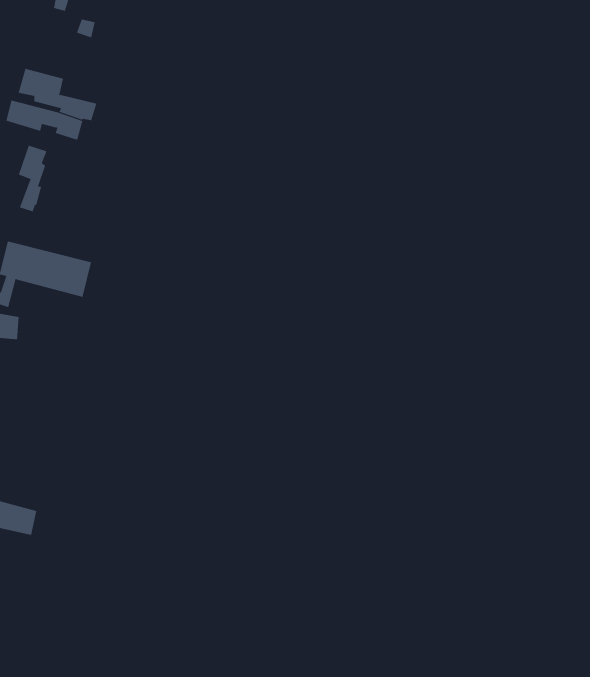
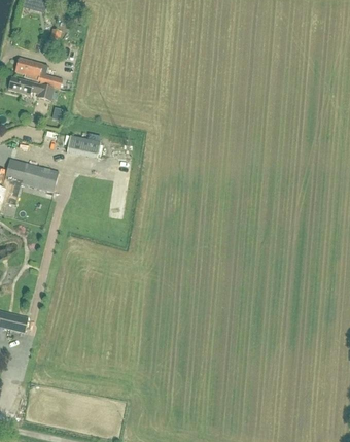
building: [18,145,47,212] -> none
building: none -> [66,135,100,158]

